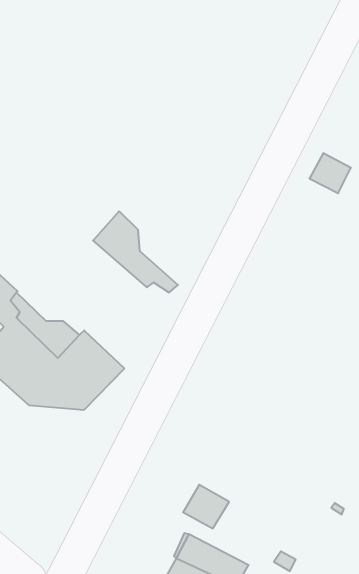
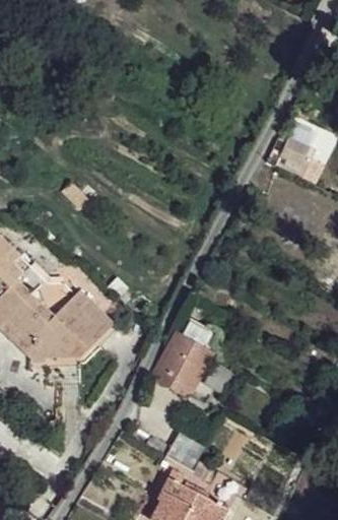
building: [93,211,178,293] -> none
building: none -> [159,316,213,387]

